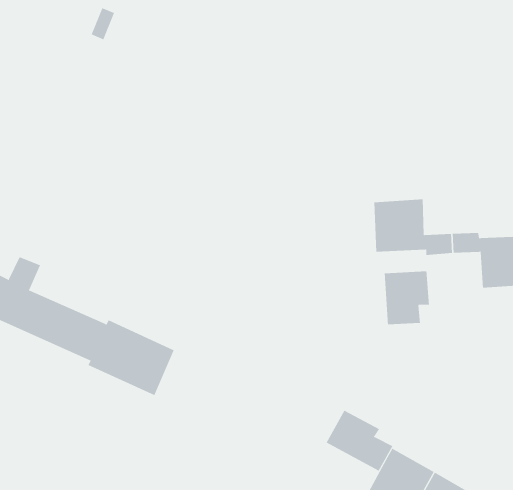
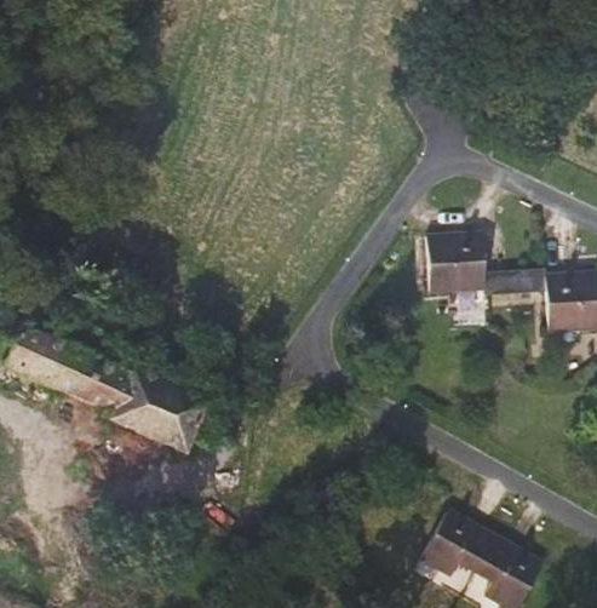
building: [384,271,430,325] -> none
building: [326,410,393,472] -> none

